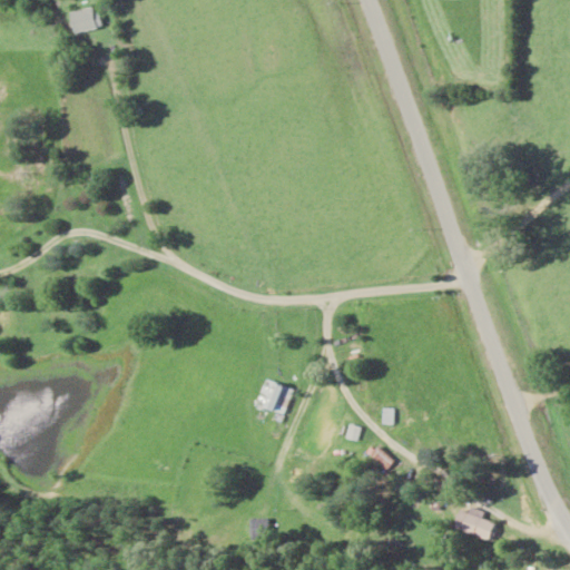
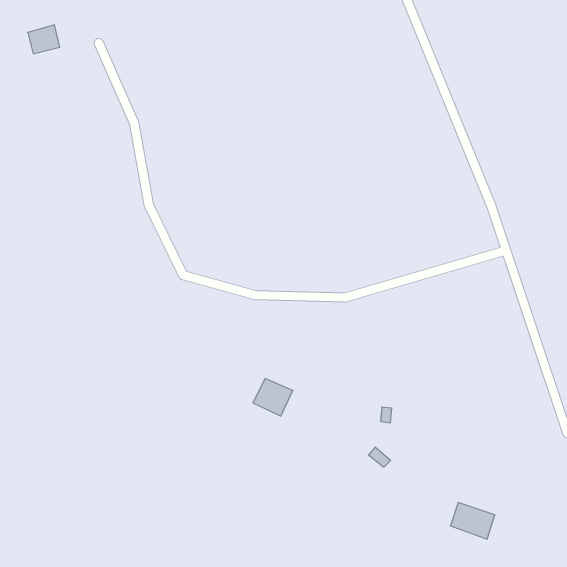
building: [67,6,99,35] -> [28,25,60,54]

